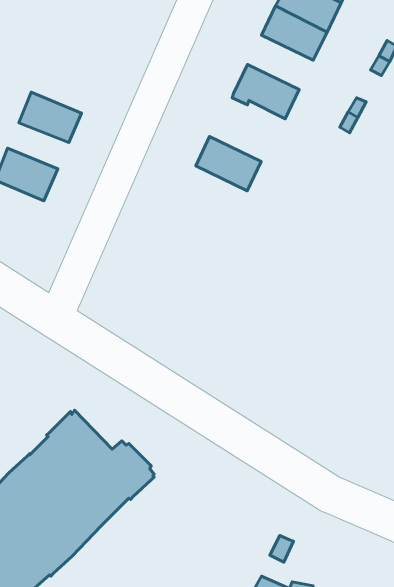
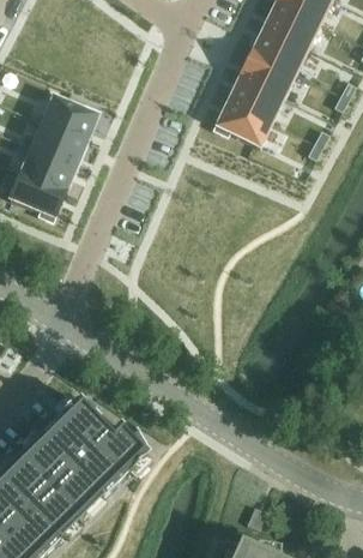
building: none -> [42,97,96,142]
building: none -> [22,150,74,190]
building: [196,137,261,191] -> [228,74,284,121]

